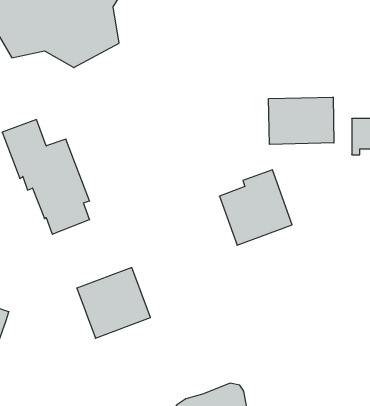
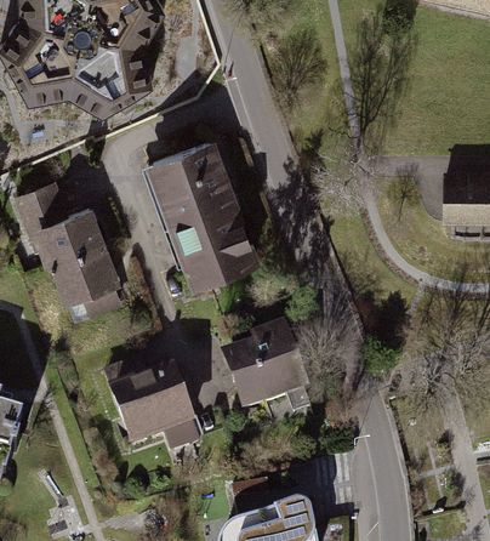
building: none -> [141,129,260,281]
building: [269,97,334,144] -> none
building: [219,170,292,245] -> [218,317,308,410]

